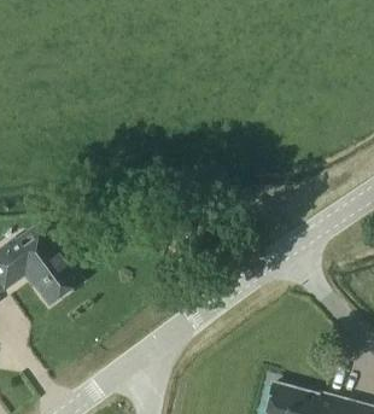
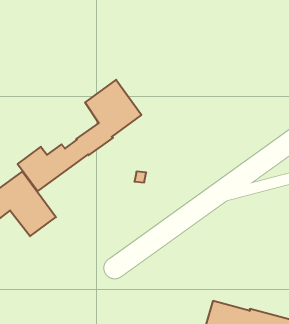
building: none -> [18,80,141,191]

